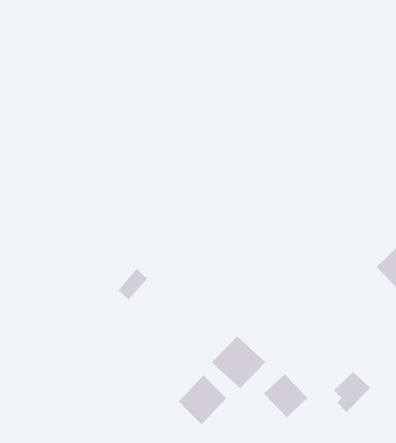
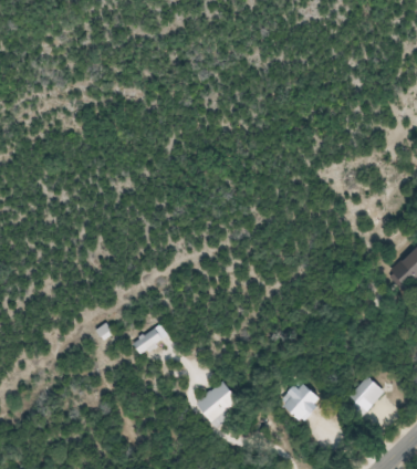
building: [117,268,148,300] -> [132,325,161,357]
building: [211,336,266,389] -> none

